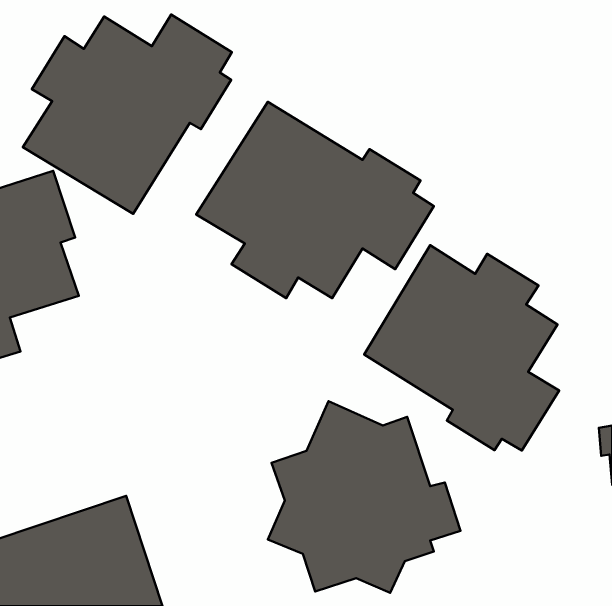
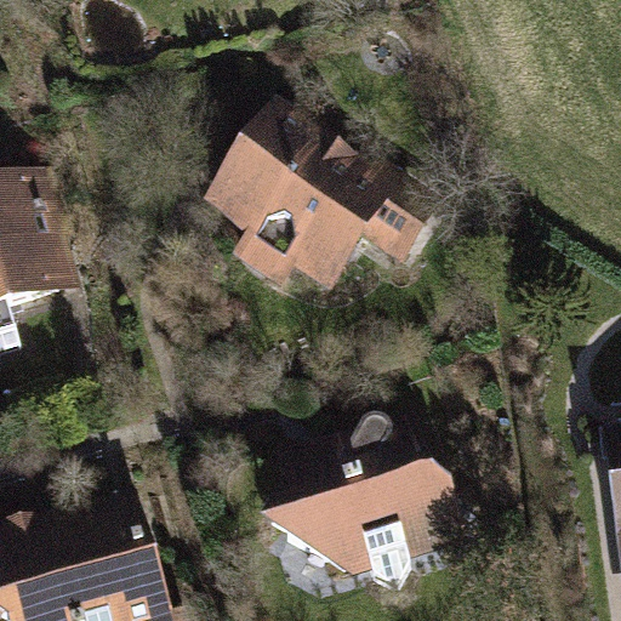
building: [23,14,232,214] -> none
building: [364,245,559,451] -> none

